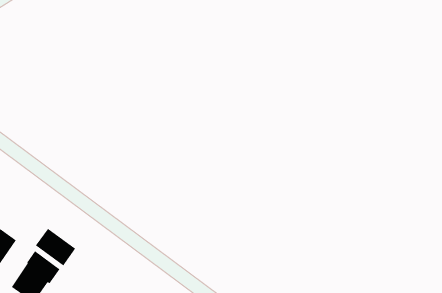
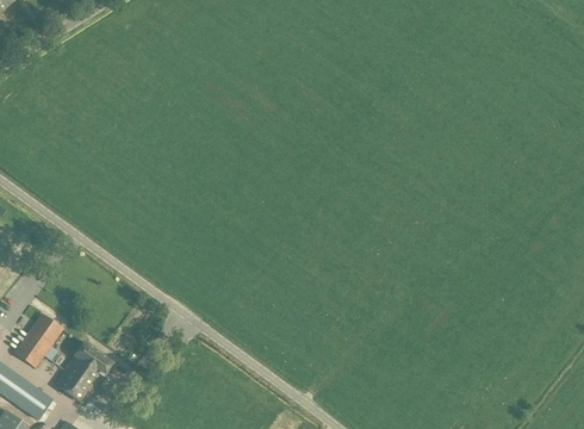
building: [35,228,76,266] -> none

